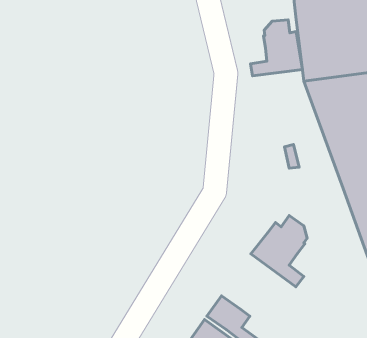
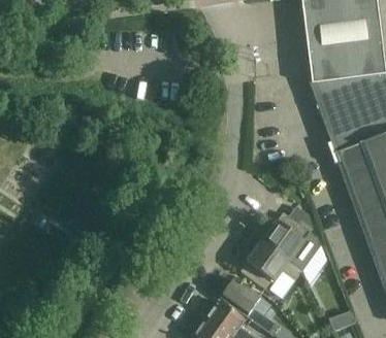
building: [250,20,302,76] -> none
building: none -> [242,240,303,290]

